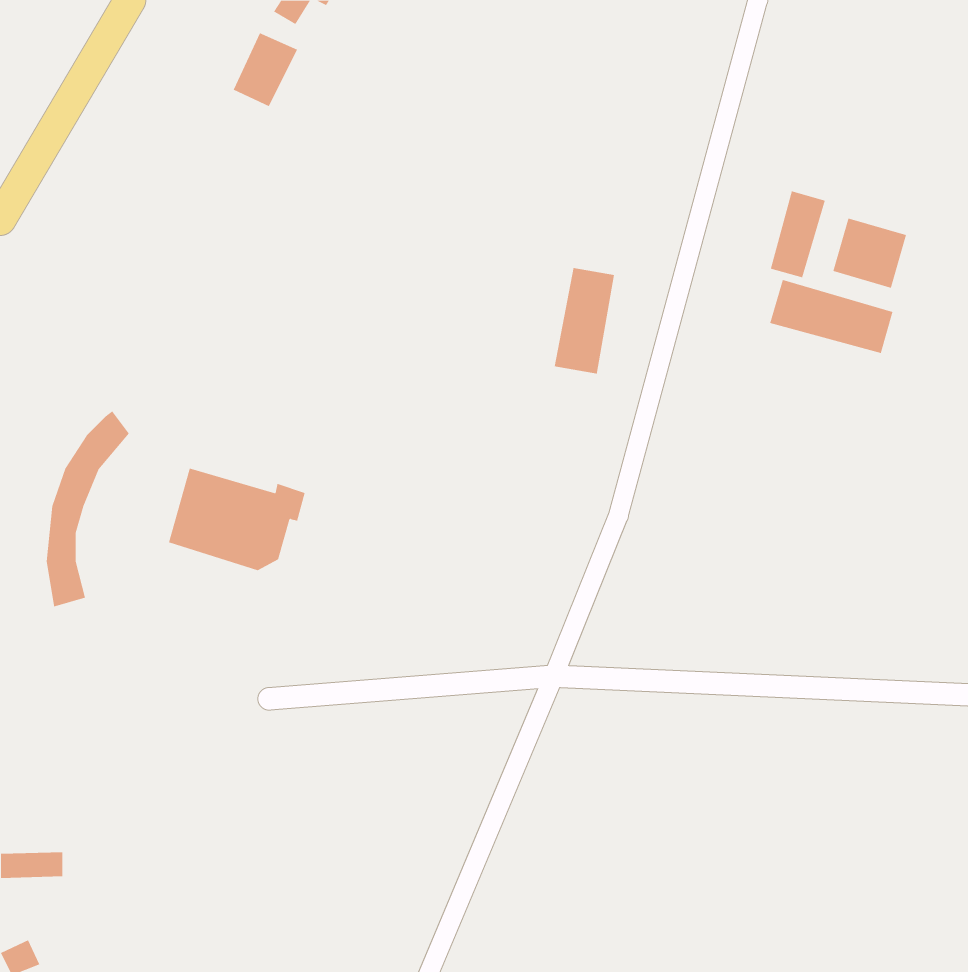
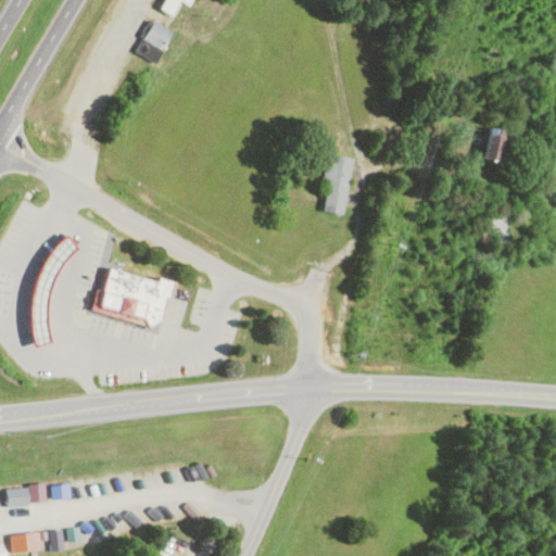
building: [770,190,825,278] -> none
building: [770,279,893,354] -> none

